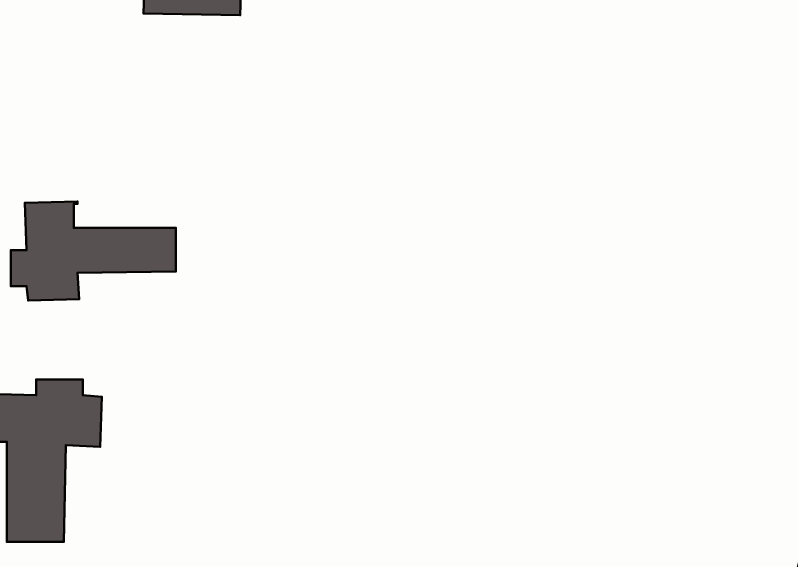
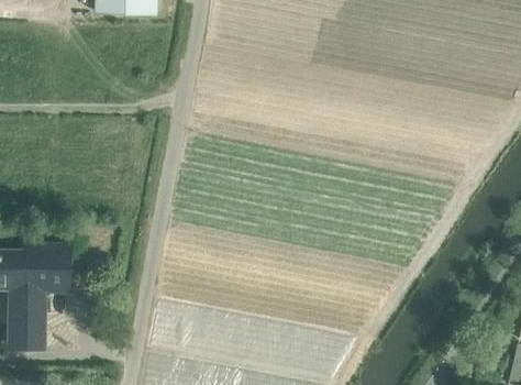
building: [11,201,176,301] -> none

